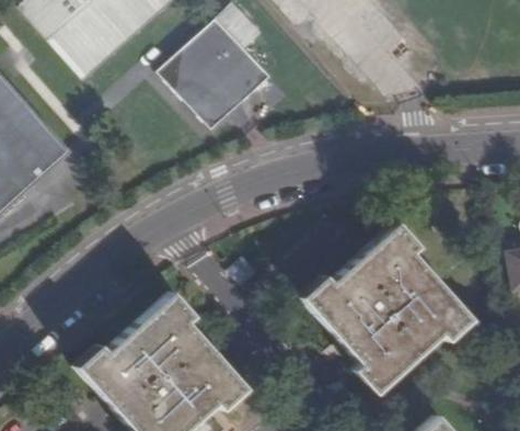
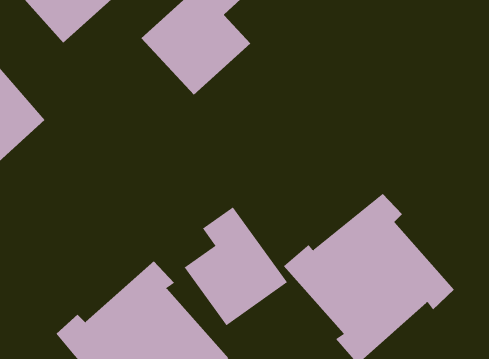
building: none -> [184,206,288,326]

